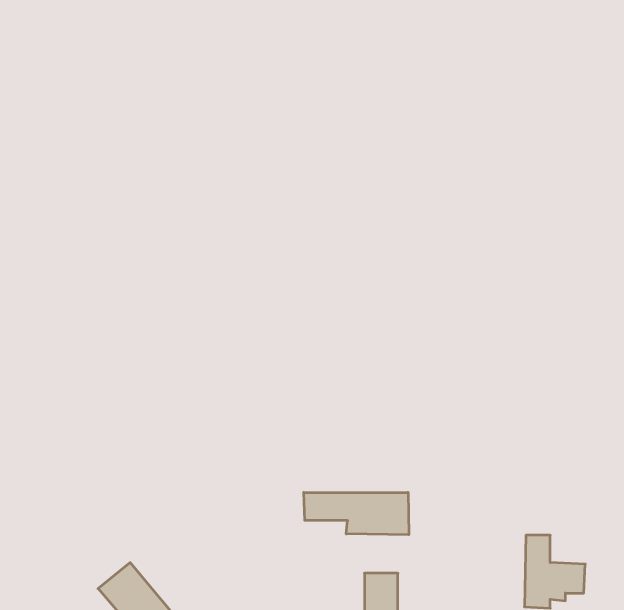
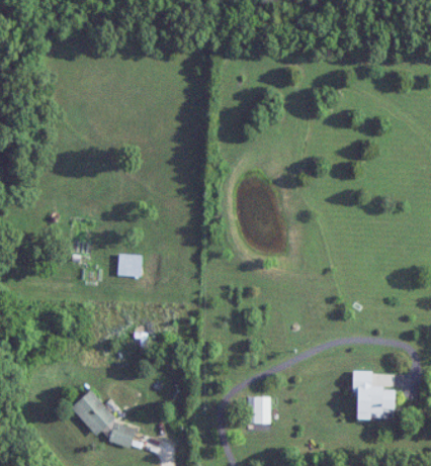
building: none -> [118,254,141,276]
building: [304,492,409,535] -> none

